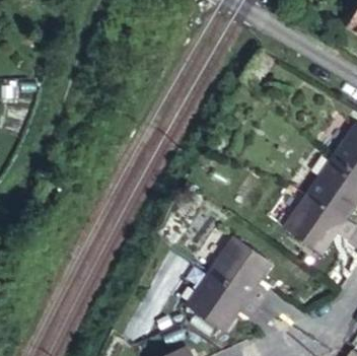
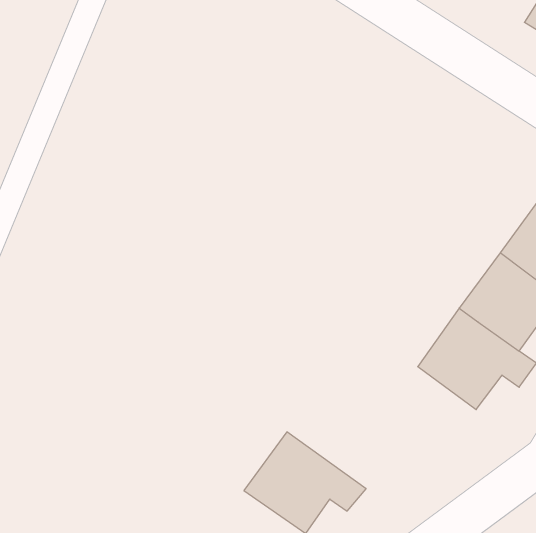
building: [206,234,266,301] -> none

